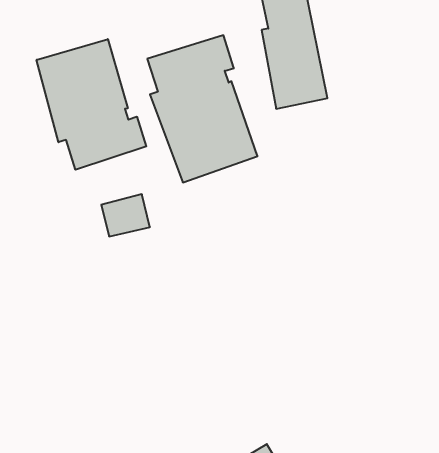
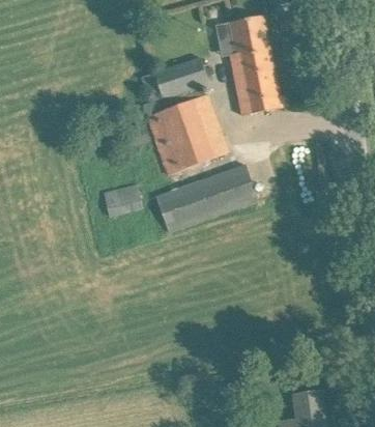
building: [37,39,146,170] -> none
building: none -> [155,165,258,233]

